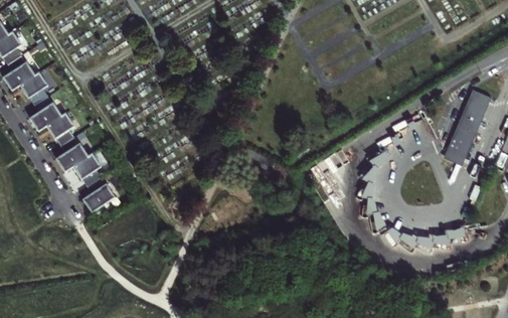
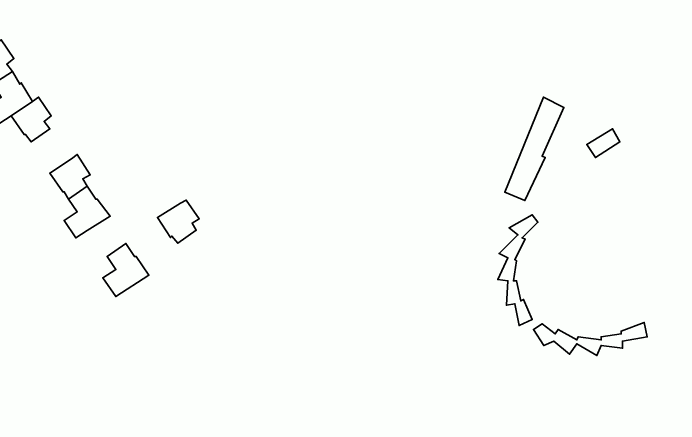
building: [445,90,486,162] -> [505,97,564,201]
building: [30,94,61,130] -> none
building: [72,153,102,183] -> [158,200,199,243]

